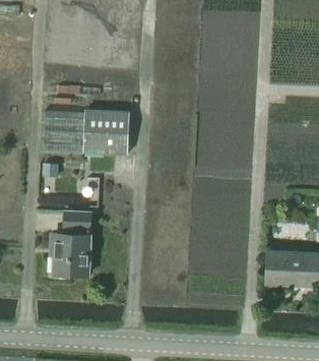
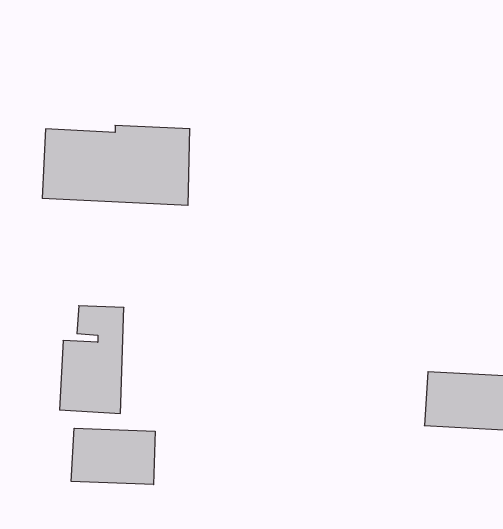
building: none -> [71,428,155,485]

